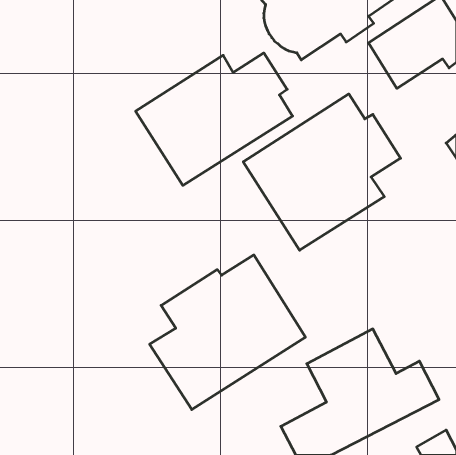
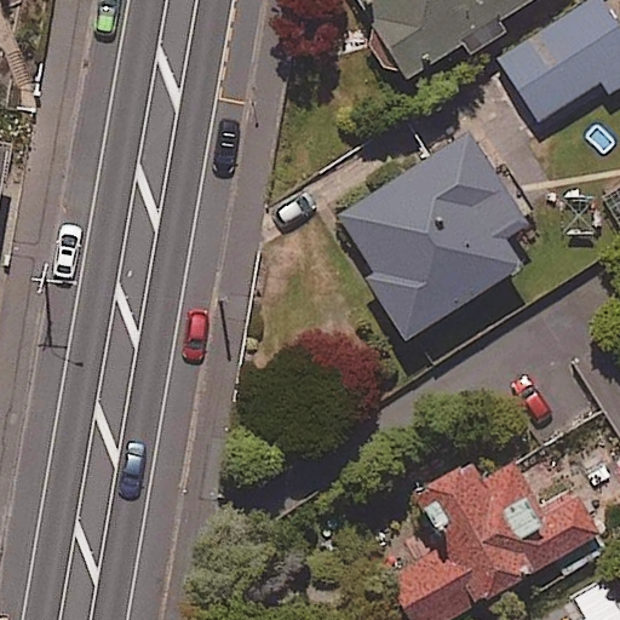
building: [136,53,293,185] -> none
building: [150,255,305,410] -> none

